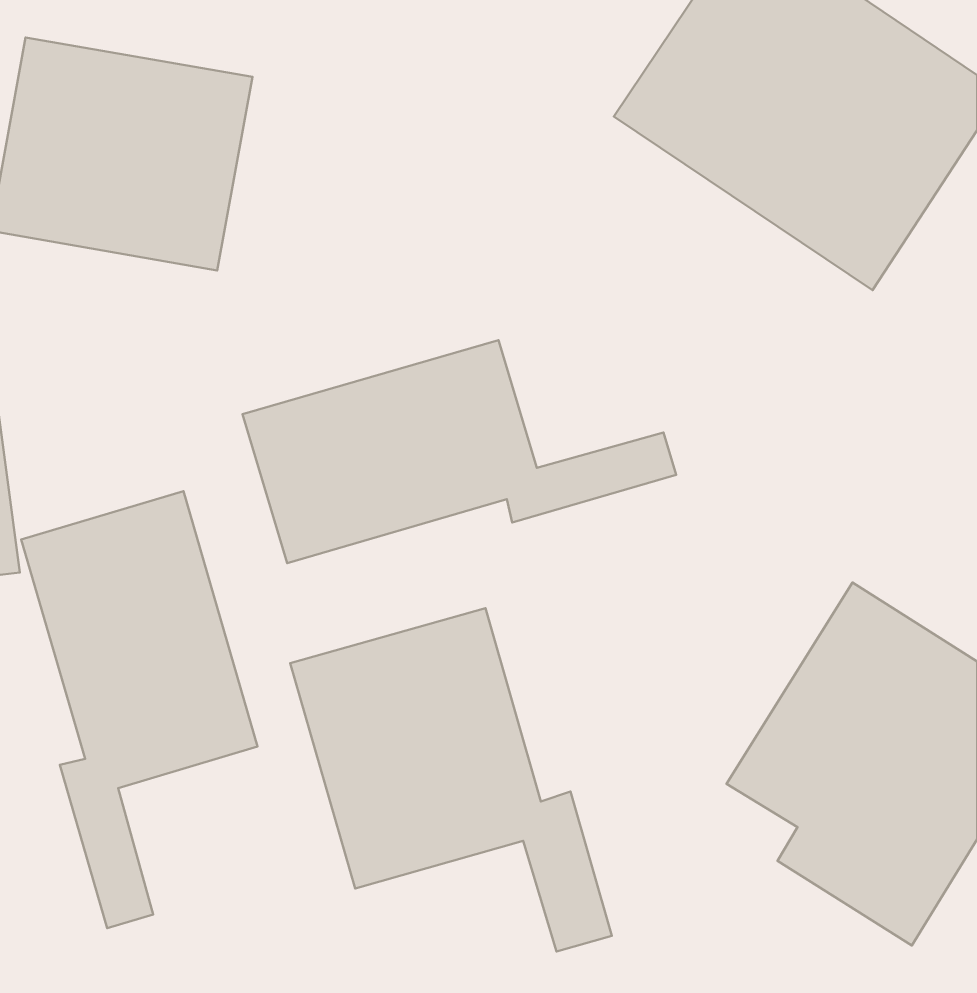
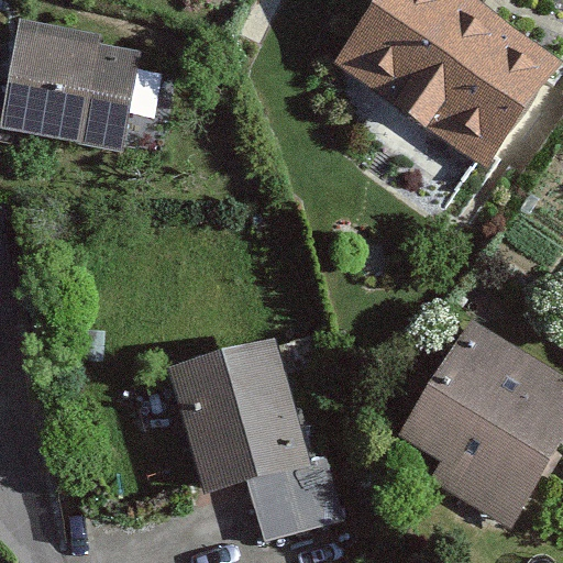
building: [242,340,676,563] -> none
building: [21,491,258,928] -> none

